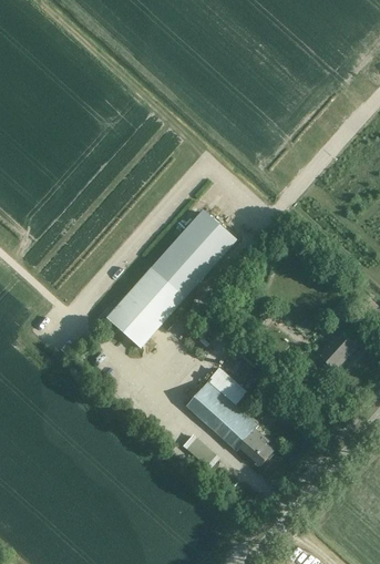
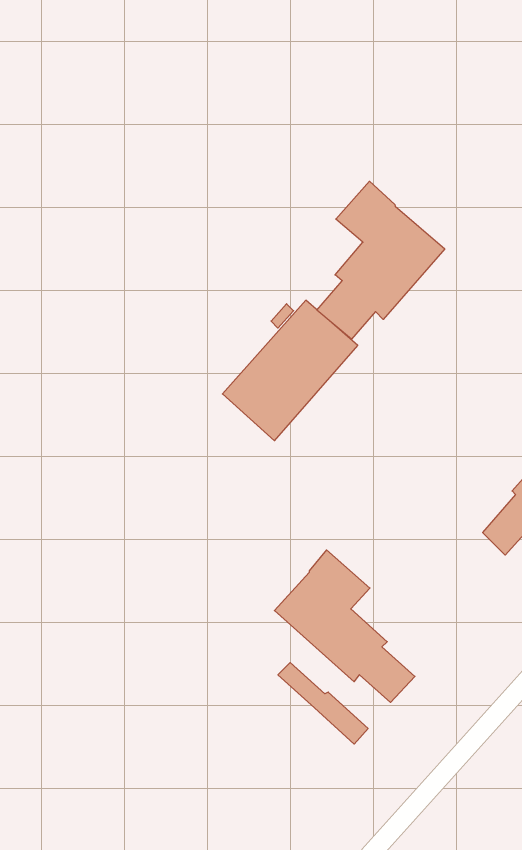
building: none -> [317,181,445,339]
building: [106,268,185,349] -> none

